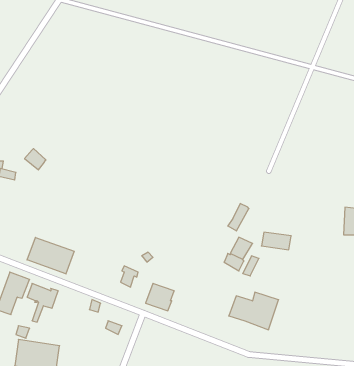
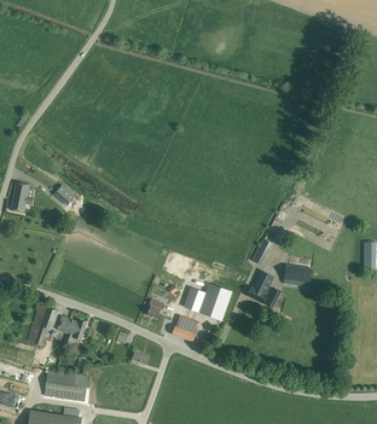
building: [27,237,74,274] -> none
building: [229,292,279,330] -> [184,284,232,320]

